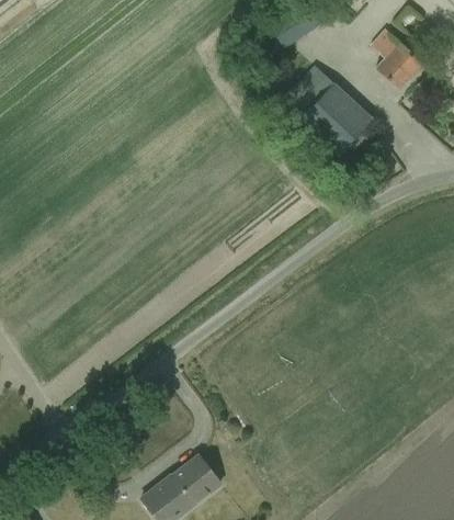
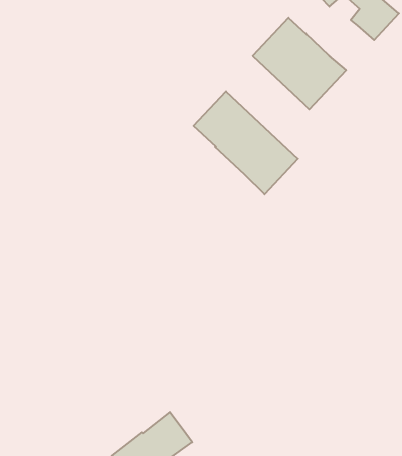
building: none -> [194,91,298,194]

